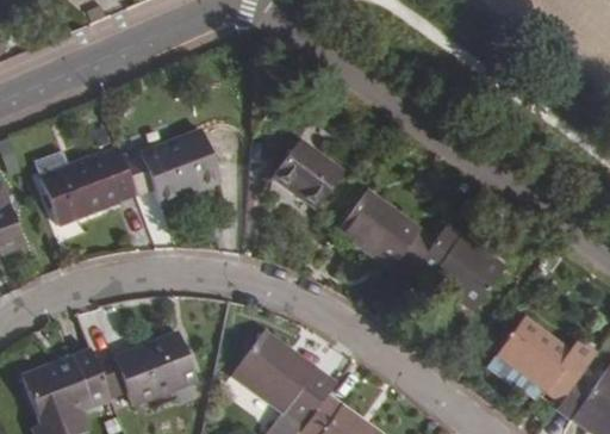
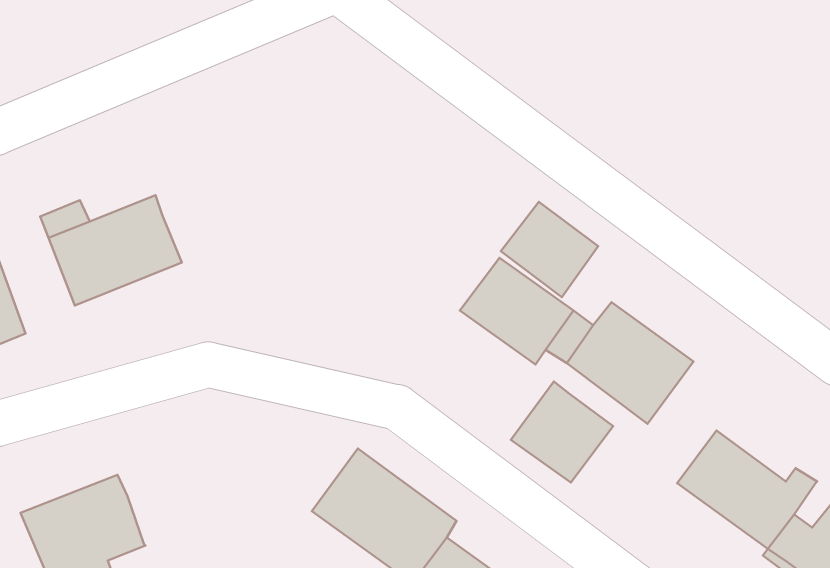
building: [122,129,220,204] -> none
building: [273,140,343,209] -> [501,202,598,297]
building: none -> [511,382,613,483]
building: [97,330,198,407] -> none

